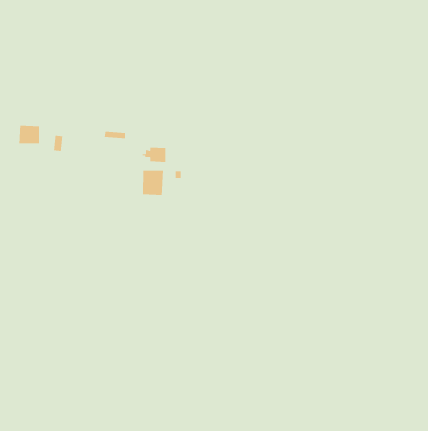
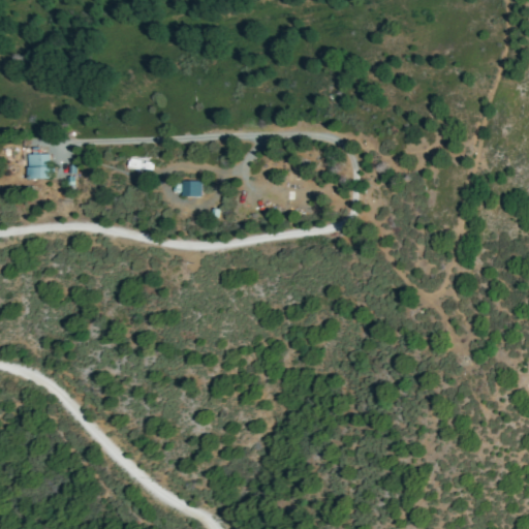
building: [142,170,164,196] -> none

